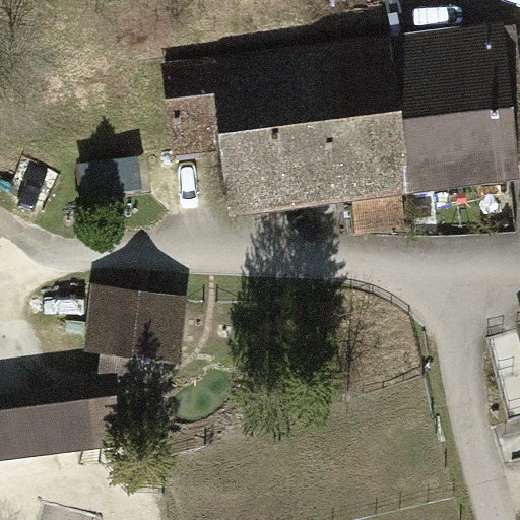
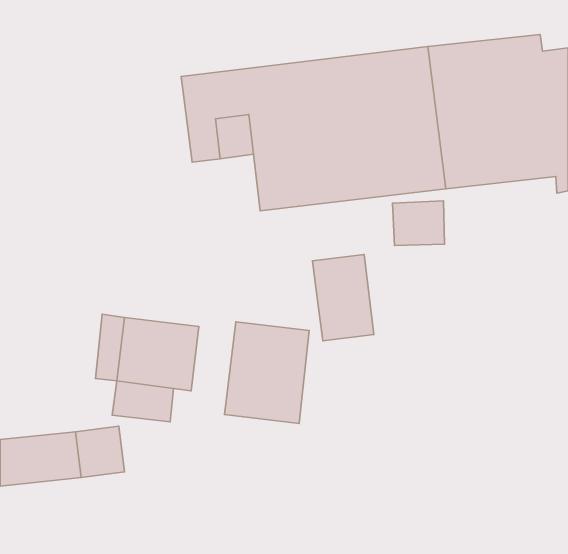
building: none -> [312,254,374,341]
building: none -> [224,322,309,424]

